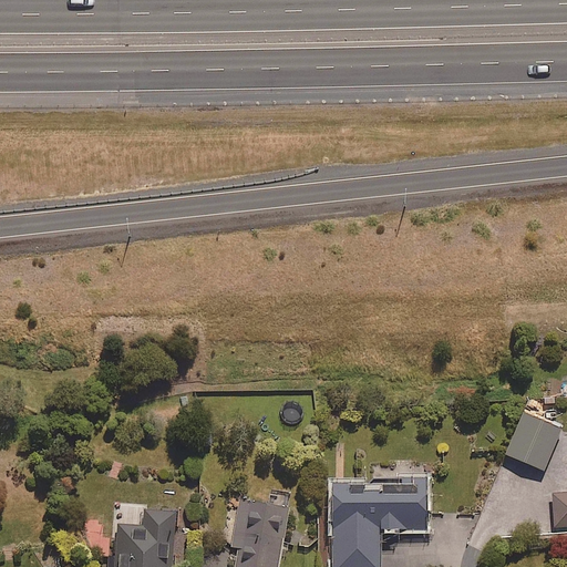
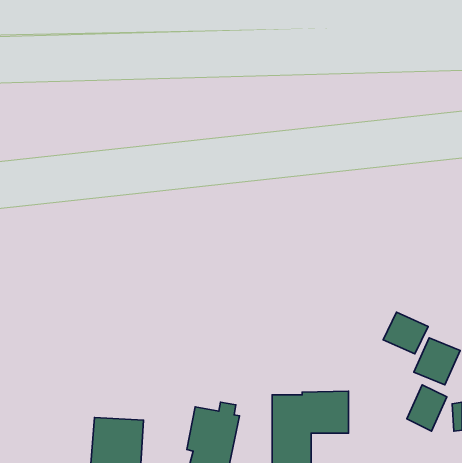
building: none -> [383,312,428,354]
building: none -> [407,385,447,431]

